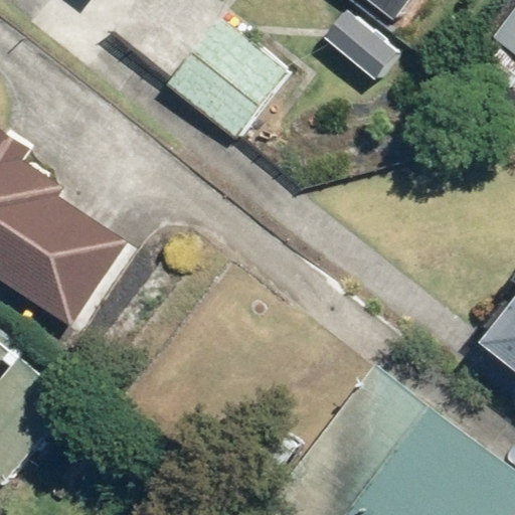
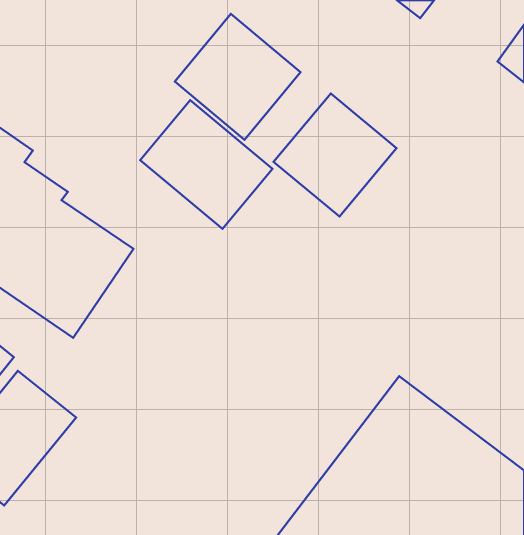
building: none -> [274,93,397,217]
building: none -> [140,100,273,229]

